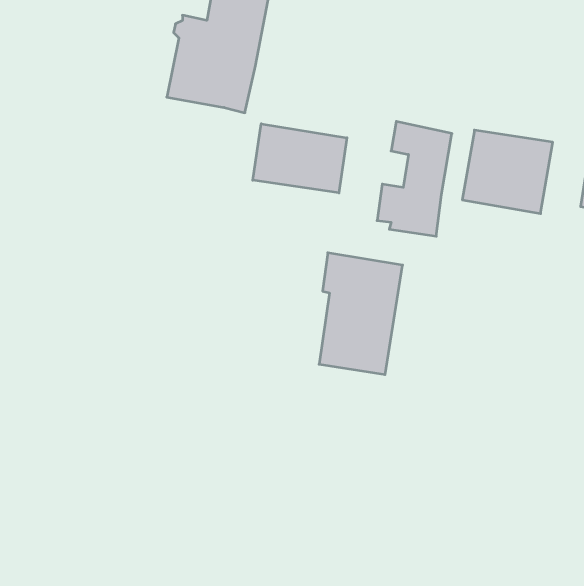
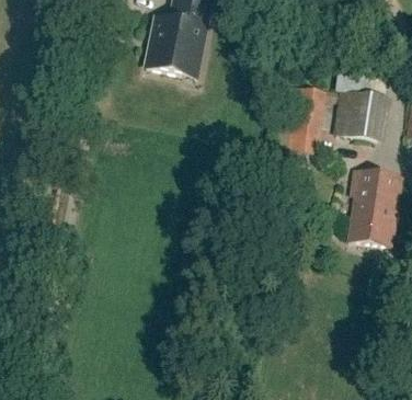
building: [253,124,347,193] -> none
building: [319,253,403,375] -> [348,168,401,244]

